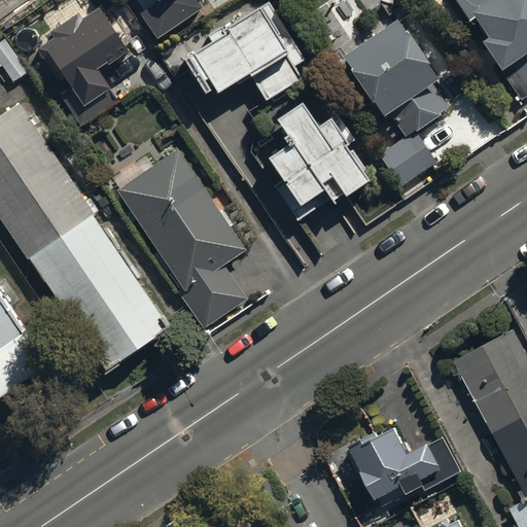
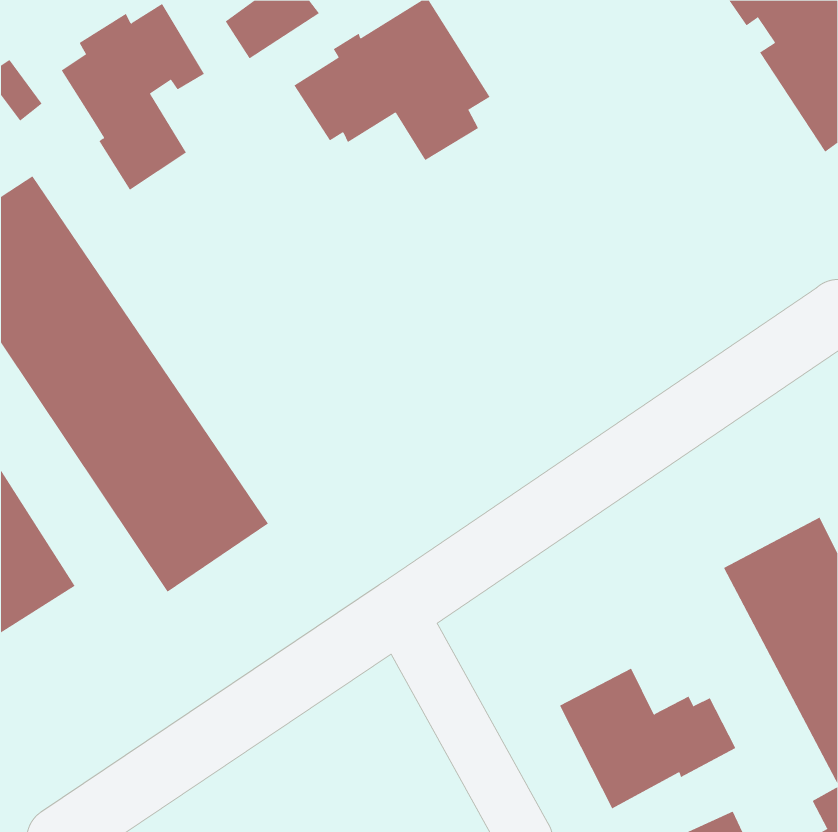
building: [341,11,447,186] -> none
building: [267,94,365,217] -> none
building: [116,145,245,326] -> none

